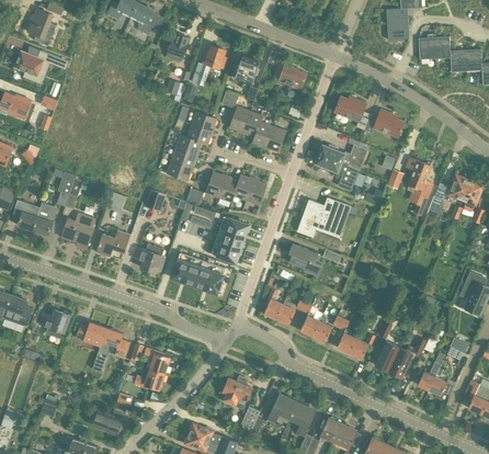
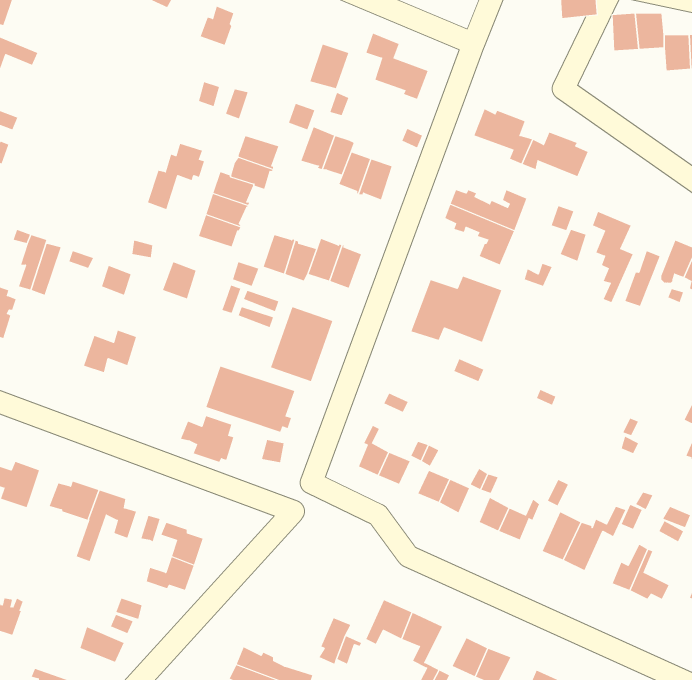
building: [192,45,227,86] -> [147,143,205,210]
building: [61,213,95,248] -> none
building: [133,243,166,272] -> [180,416,234,462]
building: [288,243,319,275] -> none
building: [224,376,252,406] -> none

